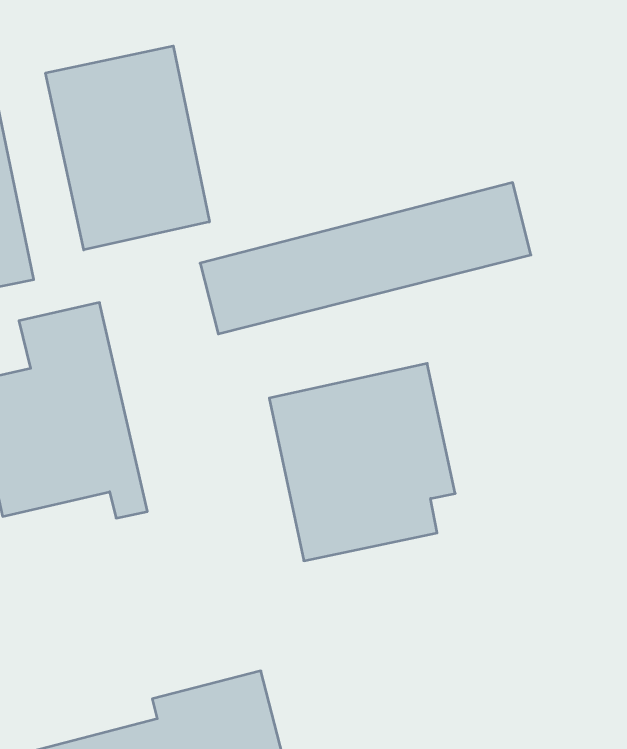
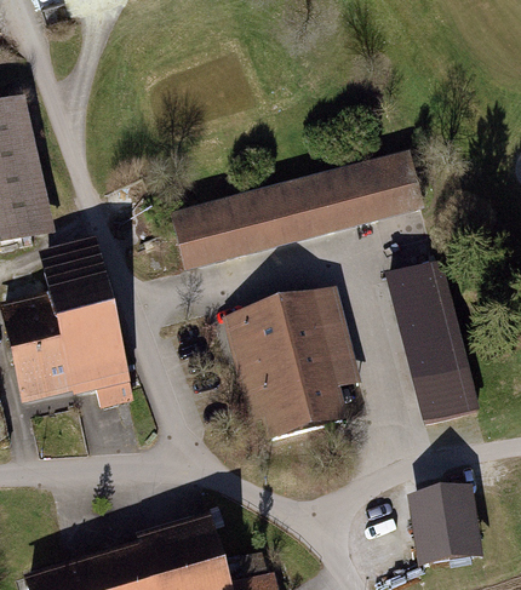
building: [46,46,209,250] -> none
building: none -> [387,246,476,407]
building: none -> [407,491,480,565]

